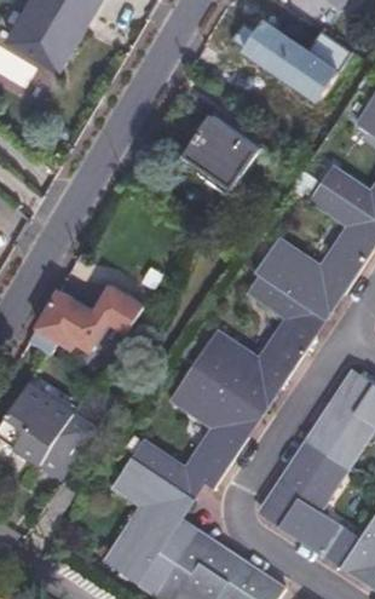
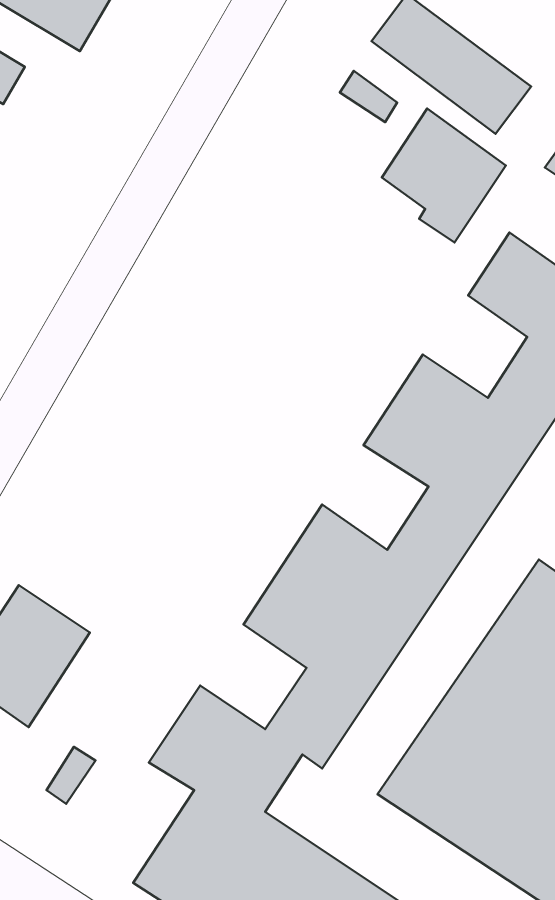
building: [184,111,260,194] -> [382,108,506,242]
building: [29,283,143,351] -> none
building: [36,409,98,482] -> none

